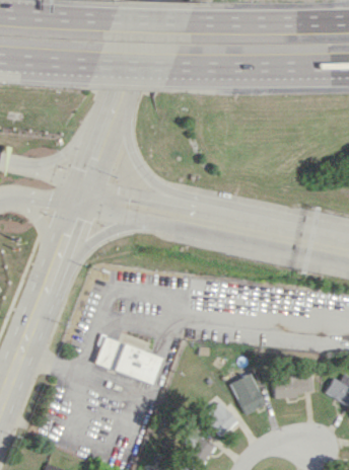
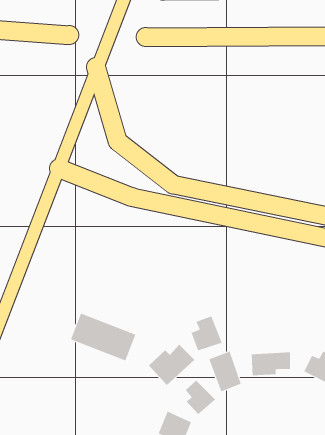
building: none -> [191,315,223,351]
building: none -> [148,344,195,386]

